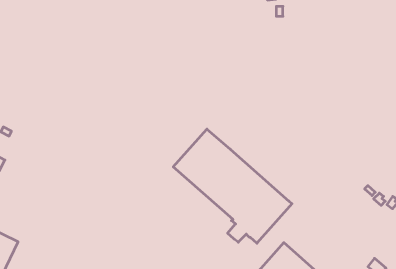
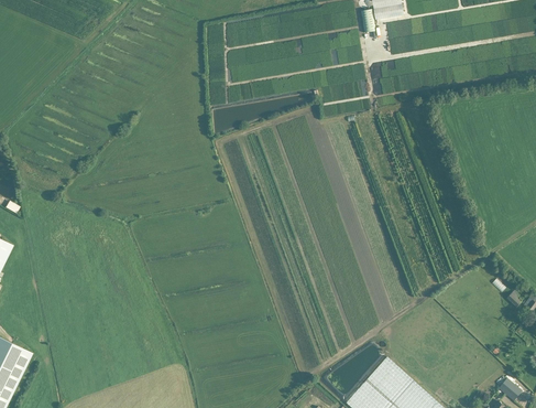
building: [173,129,292,243] -> none

